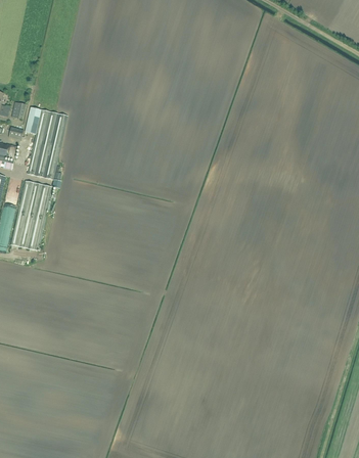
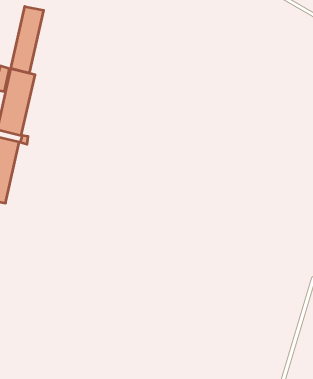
building: none -> [11,6,44,73]

